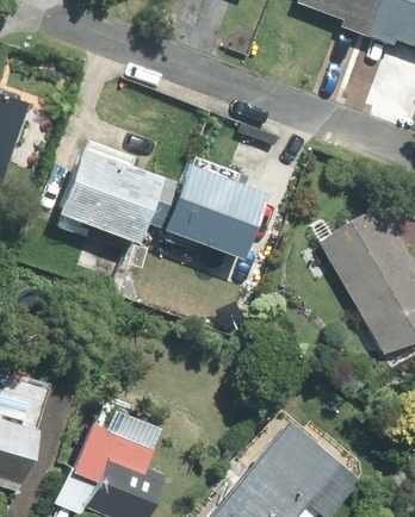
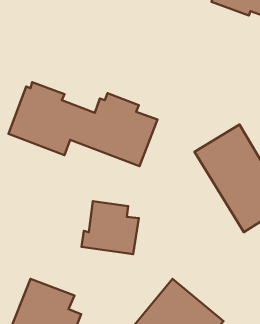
building: none -> [81,201,139,254]

